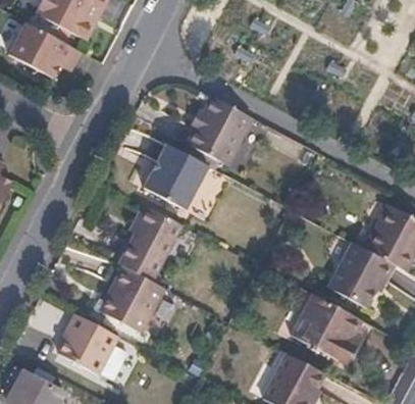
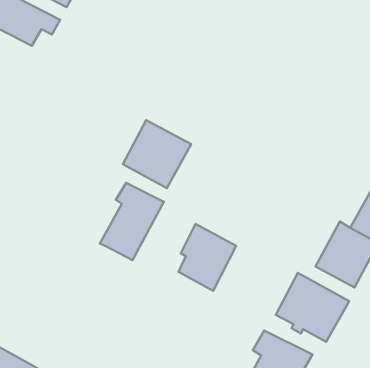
building: [188,97,252,163] -> none
building: [107,268,163,334] -> [179,224,236,291]
building: [59,315,117,375] -> none

